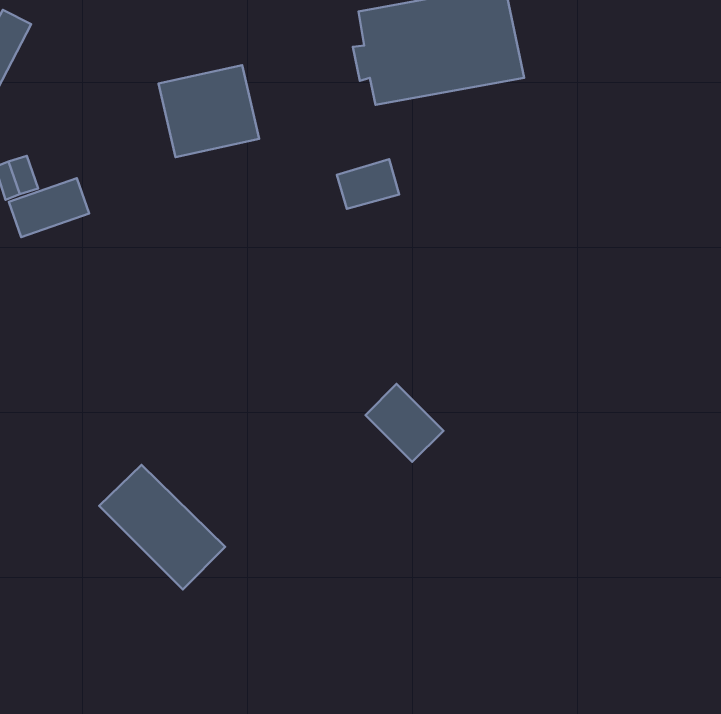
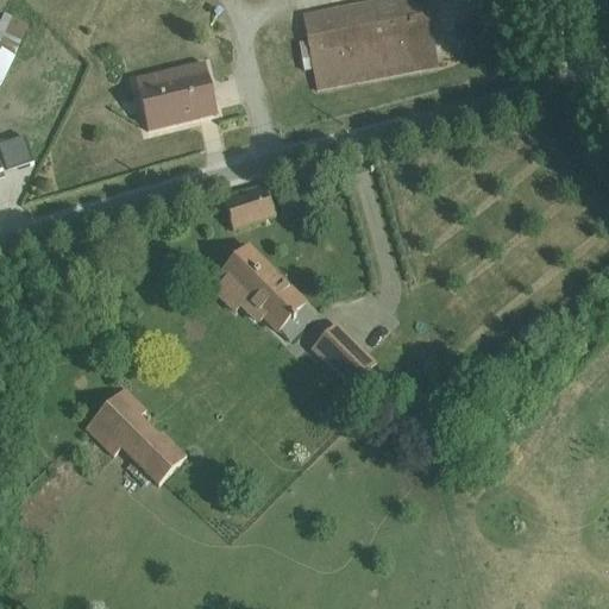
building: [337,159,399,209] -> [224,184,276,226]
building: [9,178,89,237] -> none
building: none -> [213,247,307,334]

